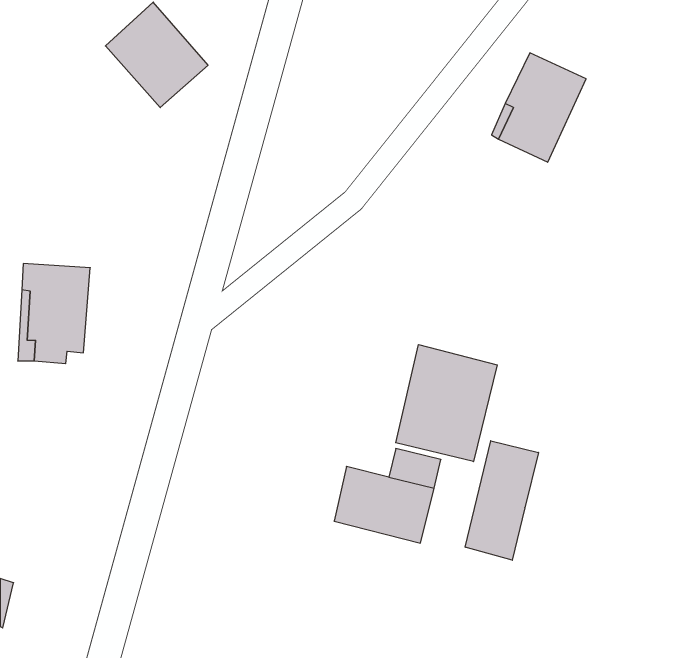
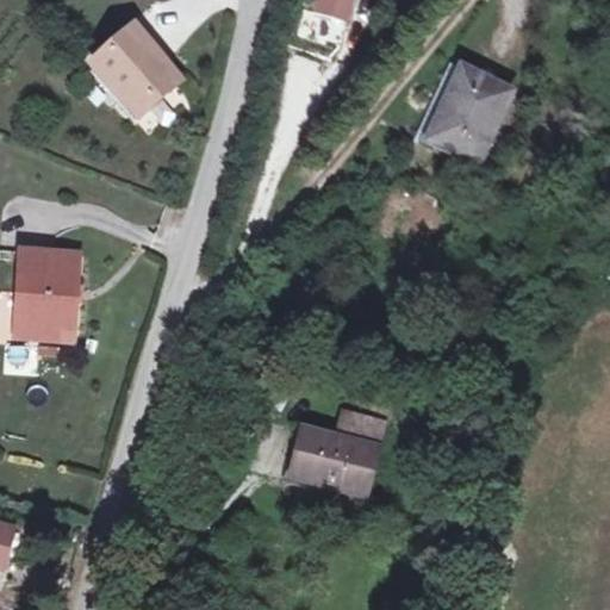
building: [396,345,497,462] -> none
building: [465,441,538,560] -> none

